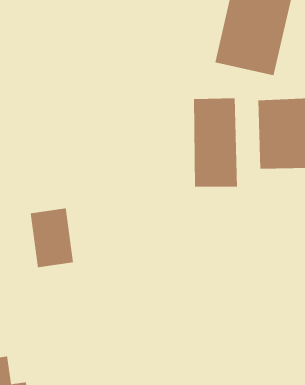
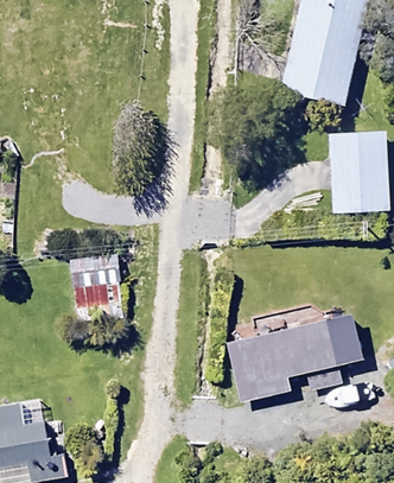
building: [193,98,237,188] -> none
building: none -> [230,323,341,400]

